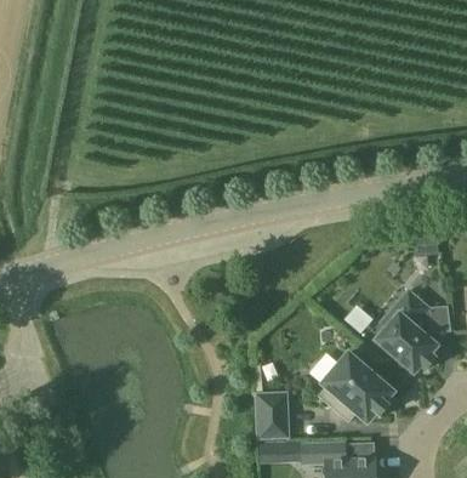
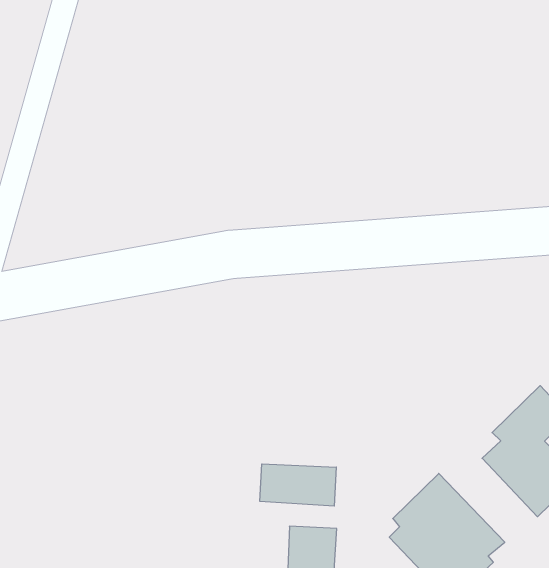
building: none -> [260,464,336,506]

